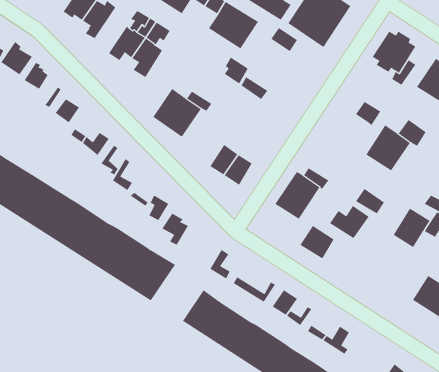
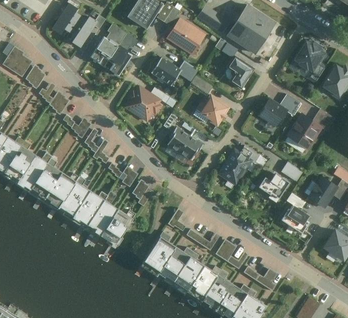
building: none -> [224,54,253,89]
building: none -> [150,56,180,84]
building: none -> [198,94,229,123]
building: none -> [257,98,287,126]
building: [299,225,335,259] -> [281,205,308,231]

